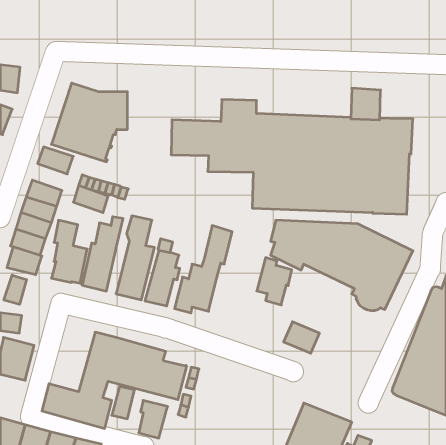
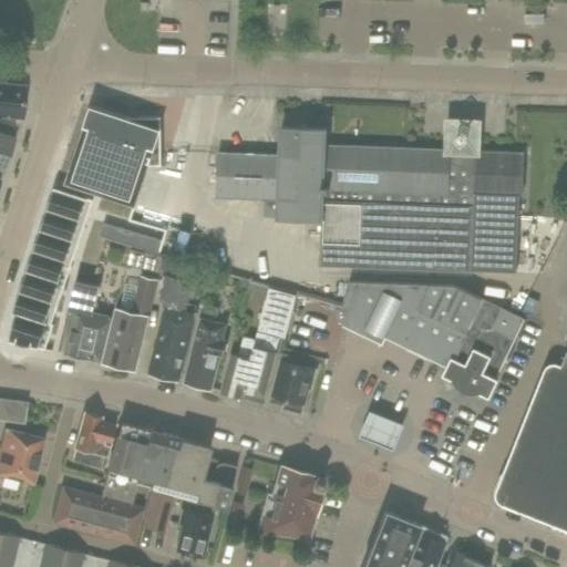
building: [73,186,108,213] -> [41,209,85,244]
building: [257,258,292,305] -> [271,354,316,414]
building: [4,275,27,304] -> none
building: none -> [72,413,115,470]
building: none -> [255,466,324,539]

